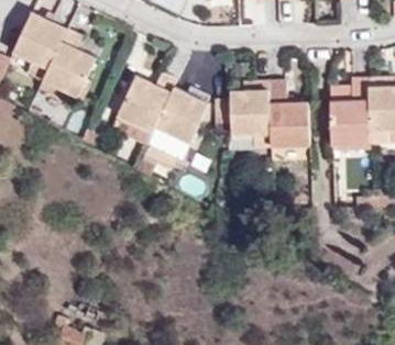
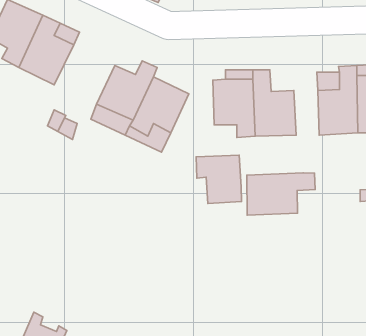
building: none -> [196,155,241,204]
building: none -> [247,173,315,215]

